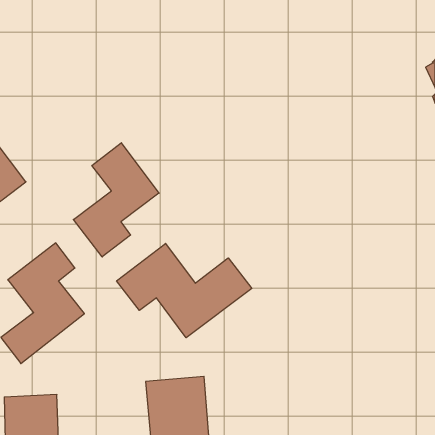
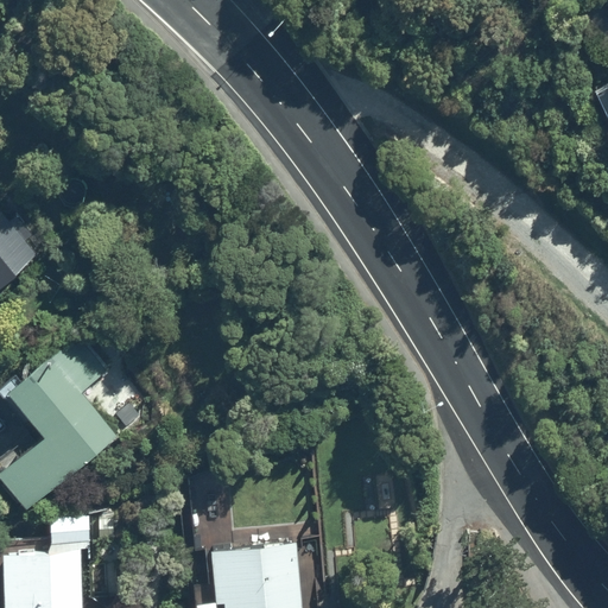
building: [73,143,159,257] -> none
building: [117,243,252,338] -> none

